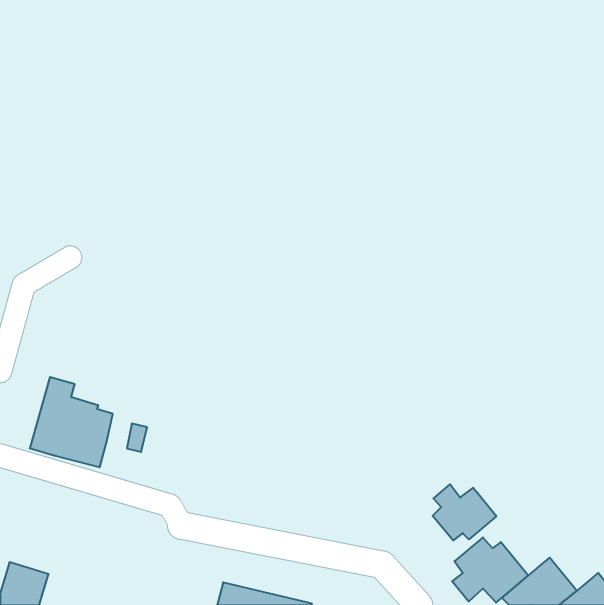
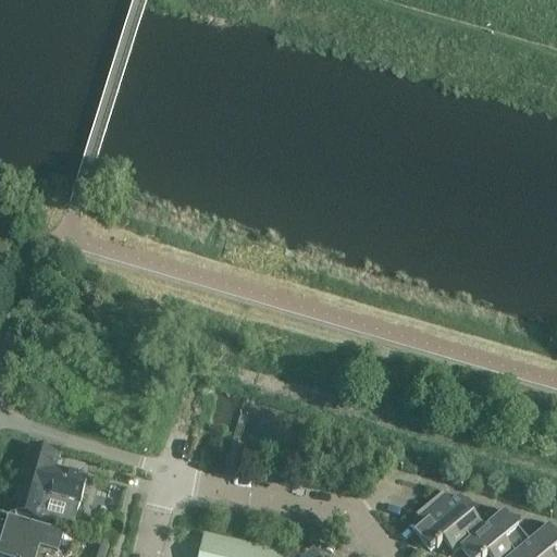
building: [30,377,113,467] -> [11,446,87,529]
building: [433,484,496,540] -> none

